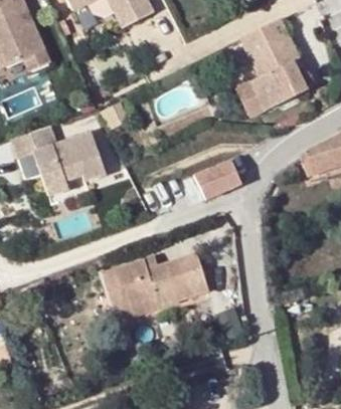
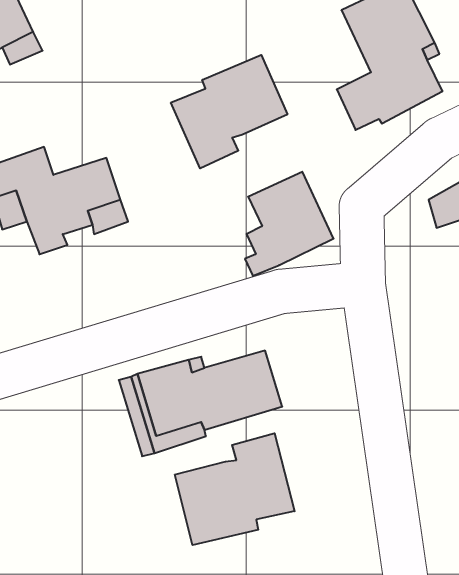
building: none -> [171,55,287,168]
building: none -> [175,433,295,545]

